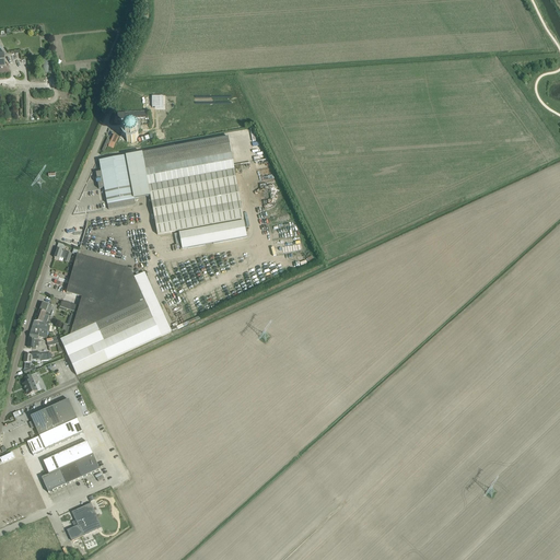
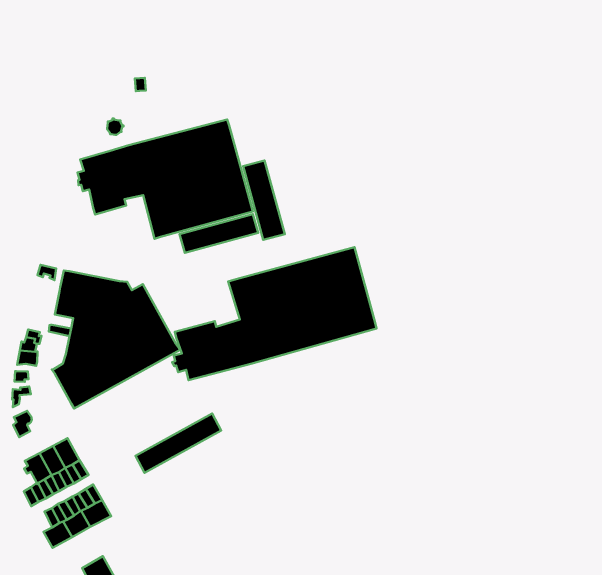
building: none -> [243,160,285,240]
building: none -> [172,247,377,380]
building: none -> [136,414,221,473]

